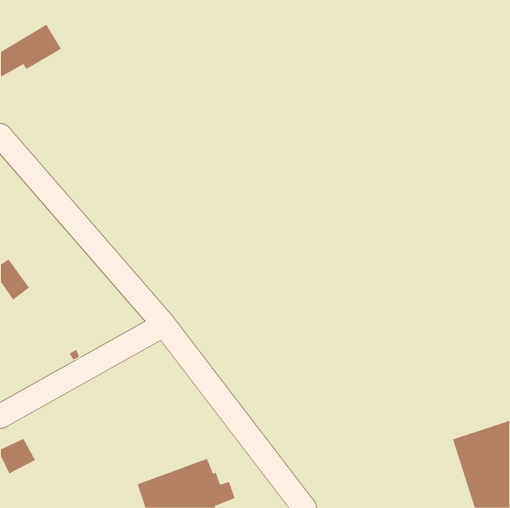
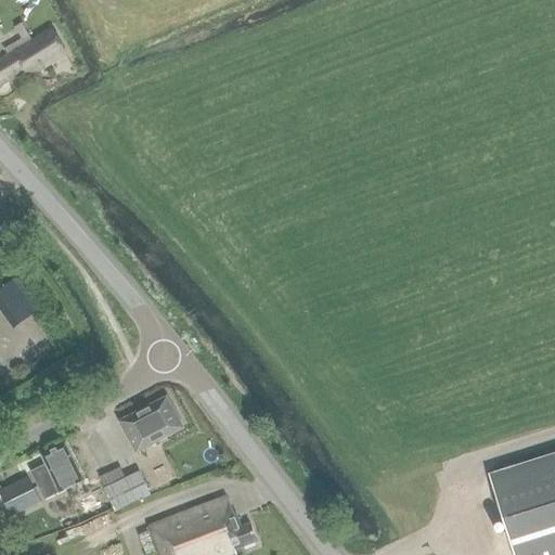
building: none -> [118,396,183,453]
building: none -> [29,443,81,498]
building: none -> [100,467,151,511]

